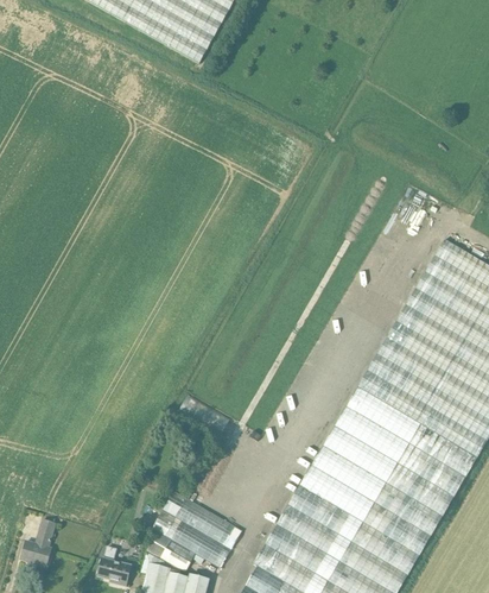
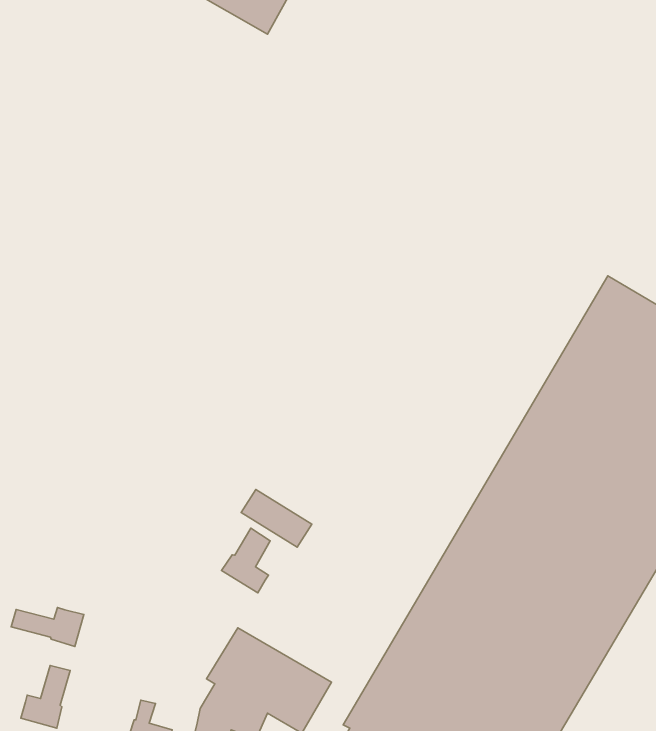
building: none -> [221,528,270,593]
building: none -> [11,608,84,647]

